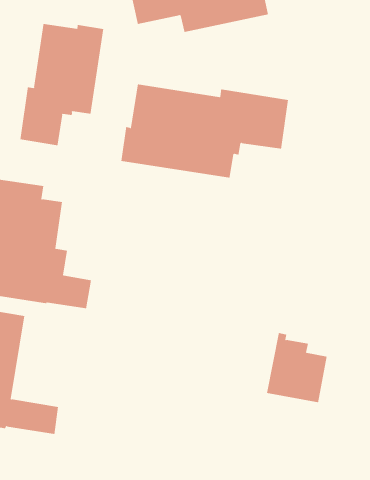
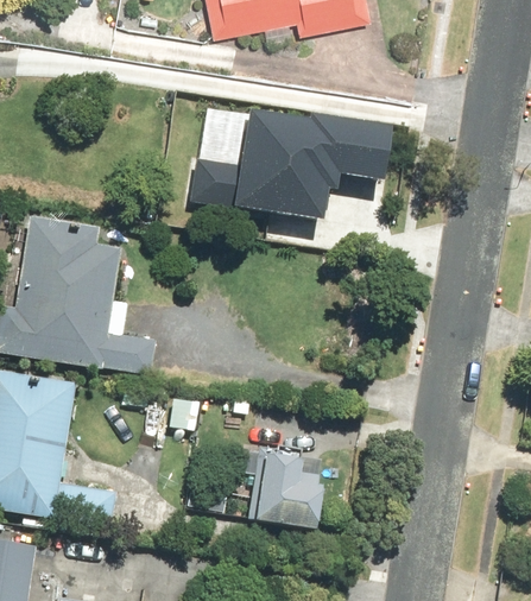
building: [20,23,104,146] -> none
building: [266,333,328,403] -> [246,447,320,531]

